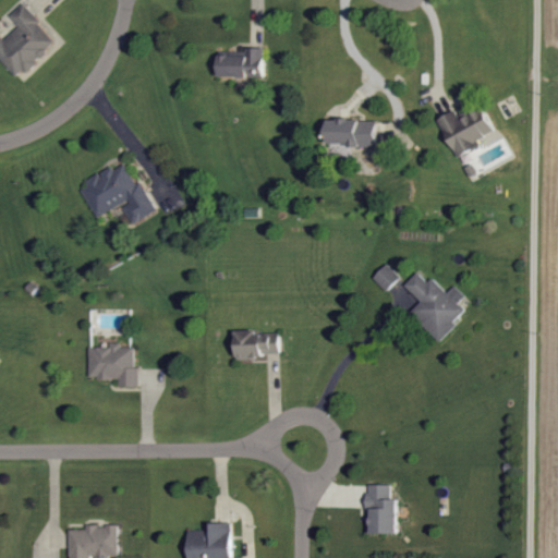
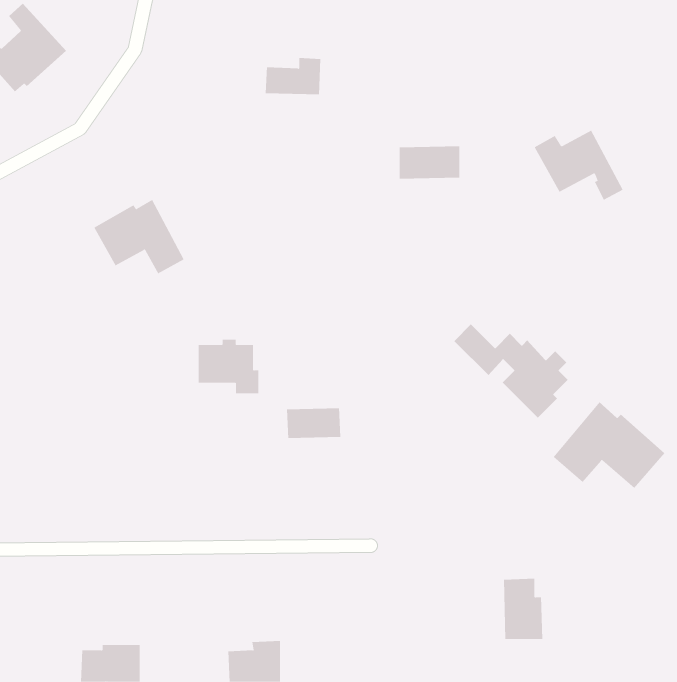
building: none -> [553,401,665,489]
building: [86,342,136,387] -> [198,339,259,394]
building: [363,484,396,534] -> [503,578,543,640]

